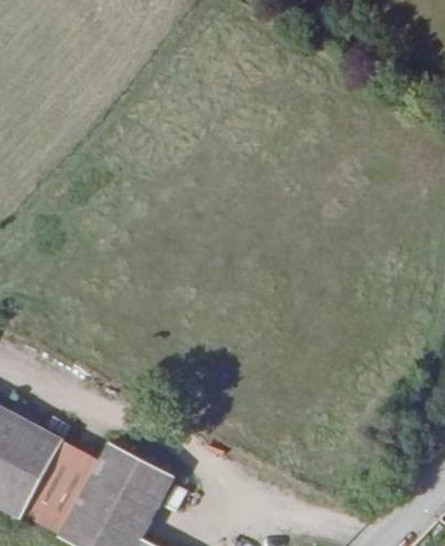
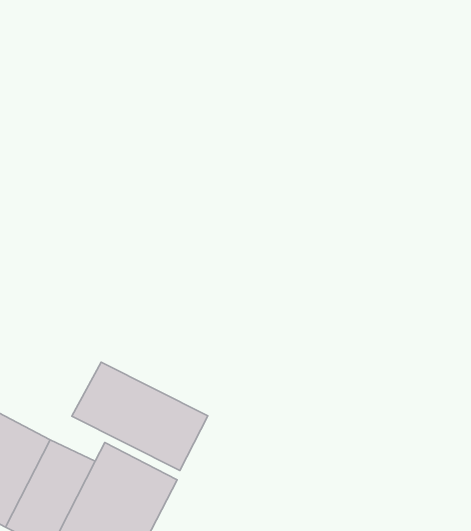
building: none -> [72,362,208,471]

